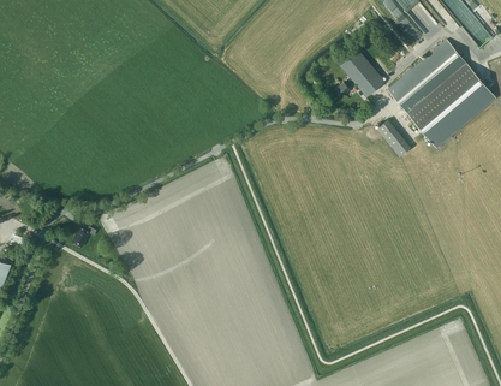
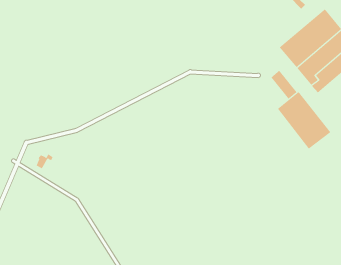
building: [335,49,384,96] -> none
building: none -> [277,91,331,150]

